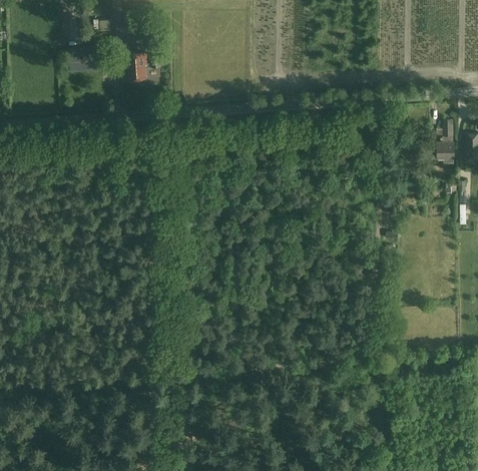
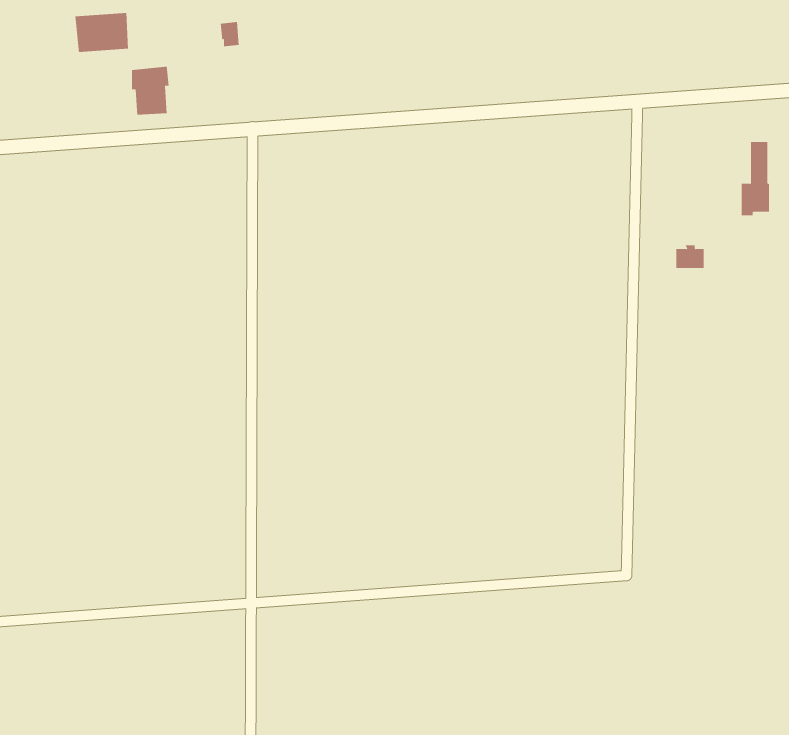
building: [125,53,146,80] -> [131,66,169,115]

